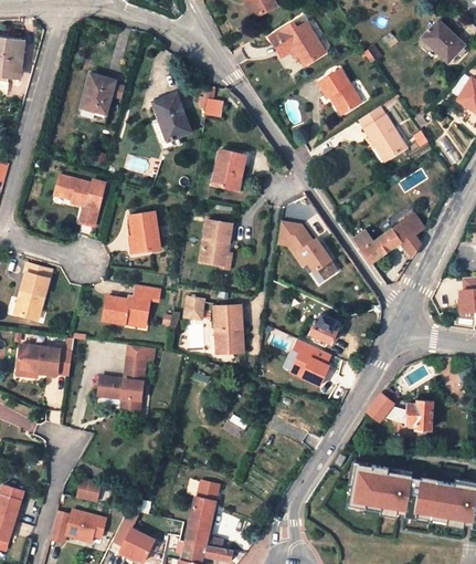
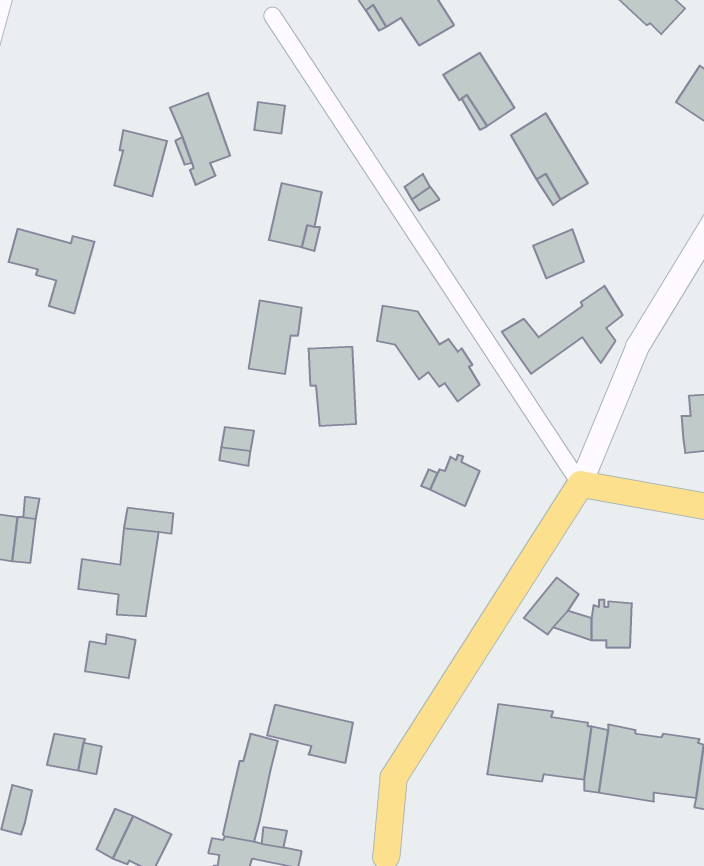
building: [82,75,114,115] -> [114,130,167,196]
building: none -> [533,229,584,278]
building: [129,211,159,251] -> none
building: [101,284,157,322] -> none
building: [213,305,242,353] -> [308,347,356,426]
building: [292,338,332,387] -> none
building: none -> [85,634,135,678]
building: none -> [267,705,353,763]
building: [65,514,104,541] -> none

